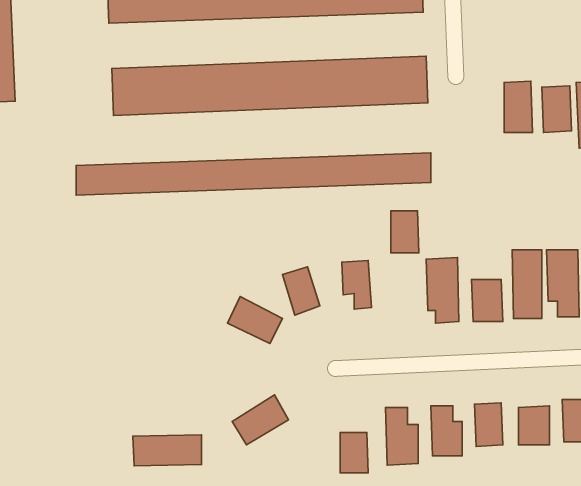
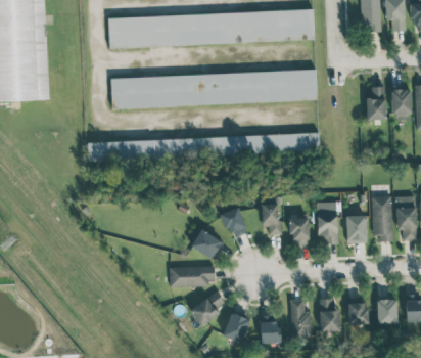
building: [391,211,419,253] -> [291,218,310,245]
building: none -> [223,313,250,343]
building: [133,435,201,466] -> [170,266,215,286]

